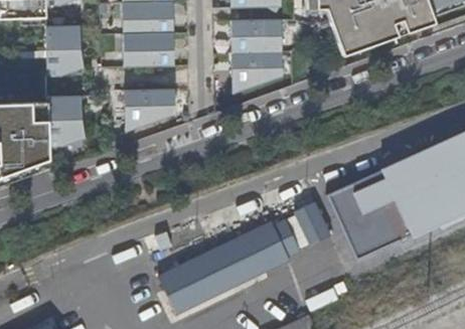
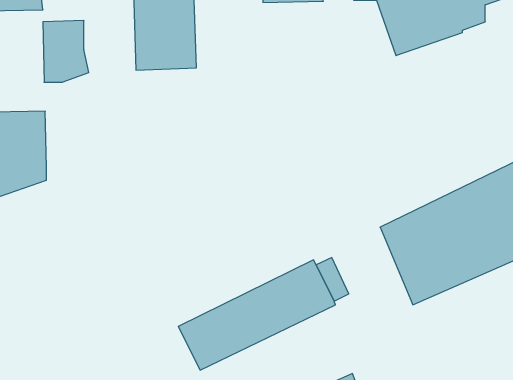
building: [230,20,282,93] -> none
building: [125,87,175,131] -> none
building: [48,95,87,146] -> none
building: [294,201,333,248] -> none

